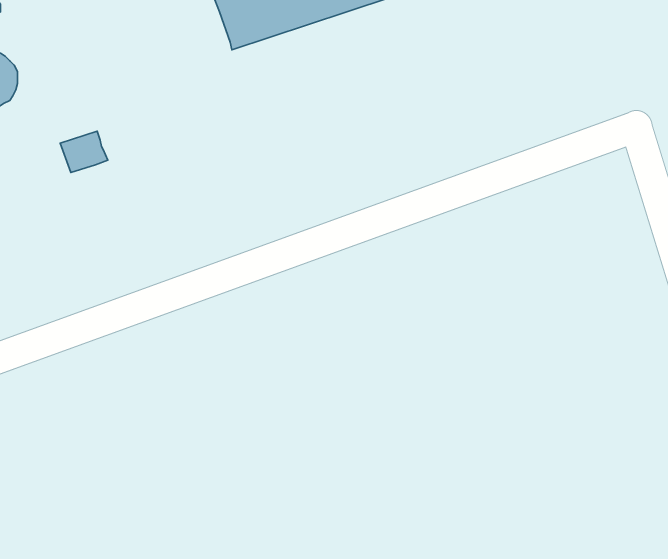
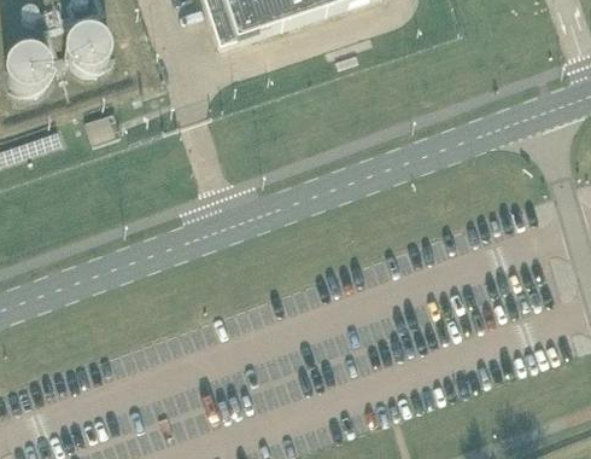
building: none -> [66,23,110,66]

